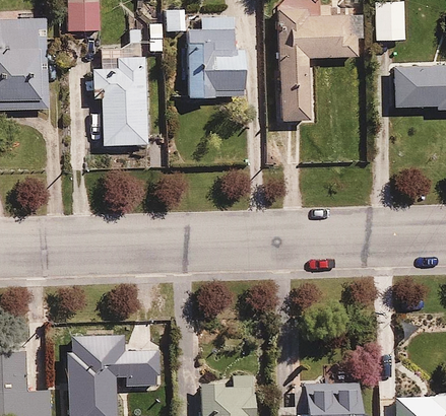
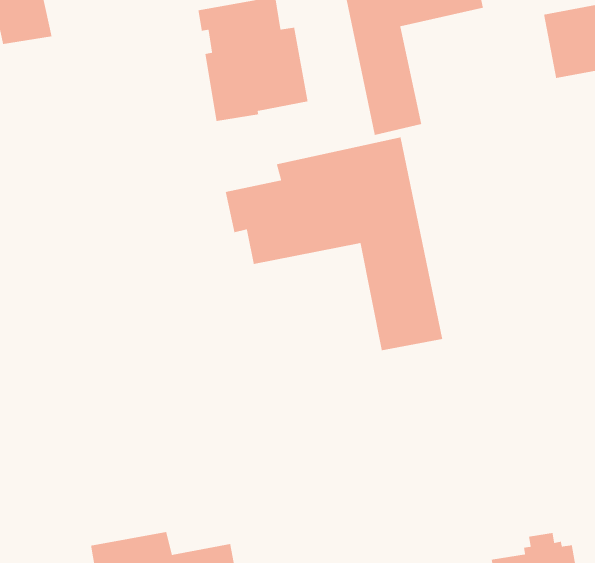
building: [93,55,147,144] -> none
building: none -> [225,137,443,351]

